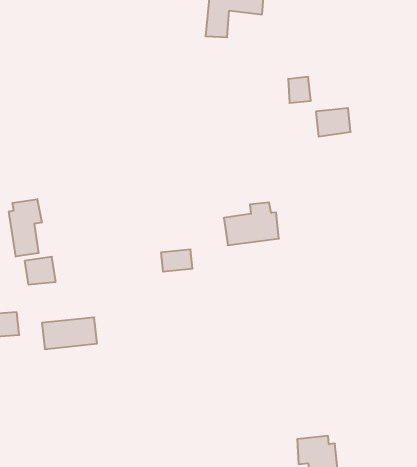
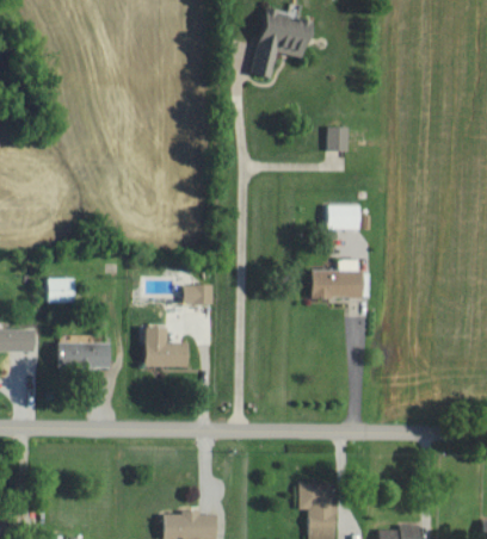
building: [316,108,351,137] -> [327,205,359,230]
building: [9,199,42,257] -> none
building: [224,202,279,245] -> [310,260,363,298]
building: none -> [144,327,186,367]

